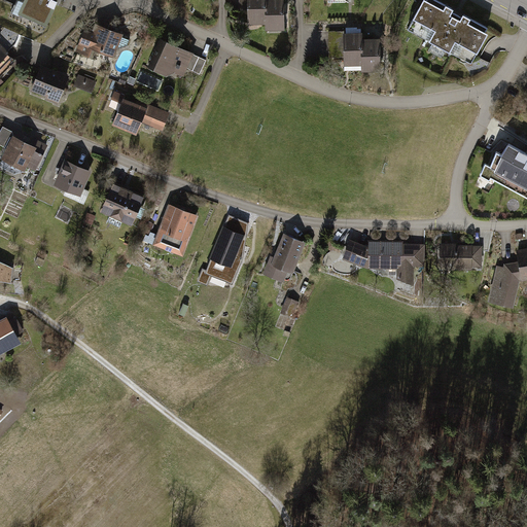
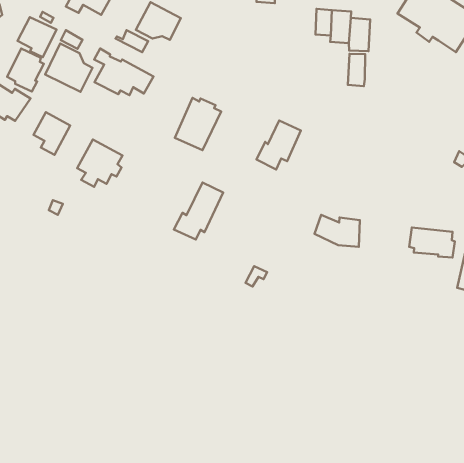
building: none -> [348,54,365,86]
building: none -> [45,43,93,92]
building: none -> [7,49,44,91]
building: [153,204,198,255] -> [175,98,221,150]
building: [262,233,305,282] -> [256,120,301,170]
building: [387,240,424,285] -> none

